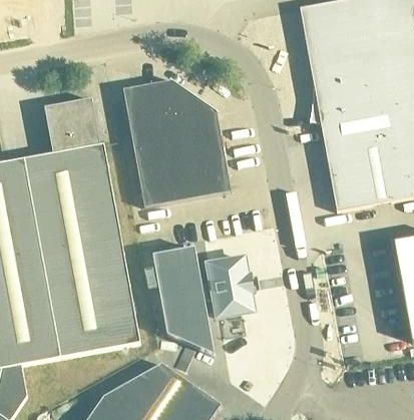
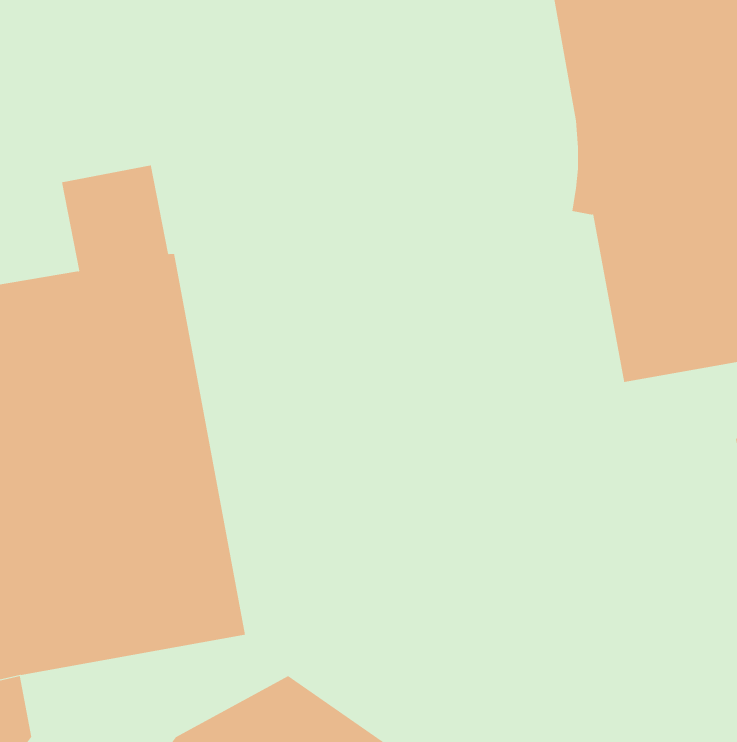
building: [122,77,231,206] -> none
building: [151,247,214,355] -> none
building: [206,258,253,317] -> none

